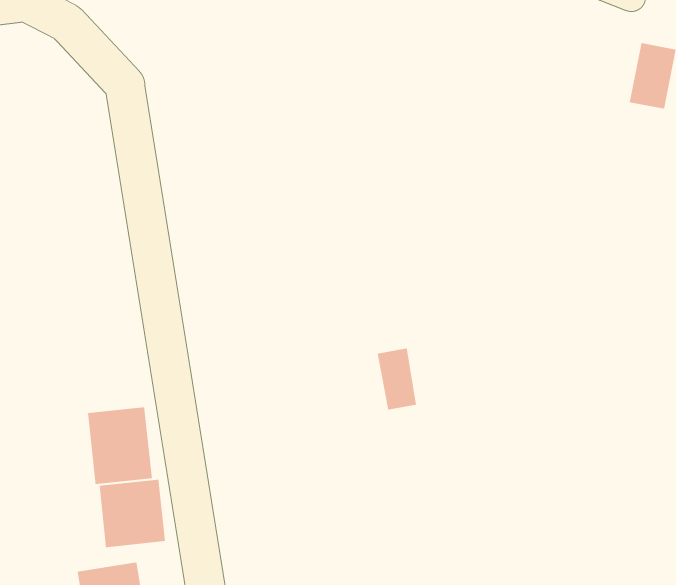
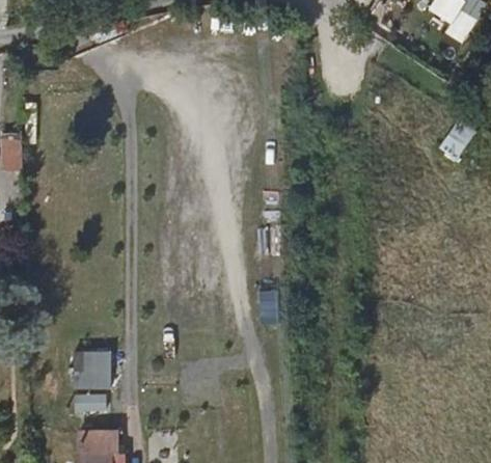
building: [87,406,152,485] -> none

